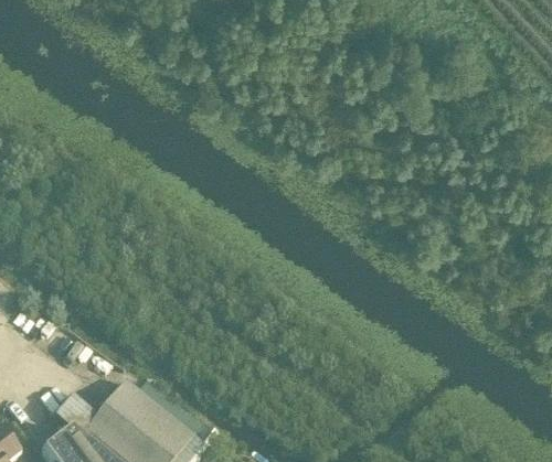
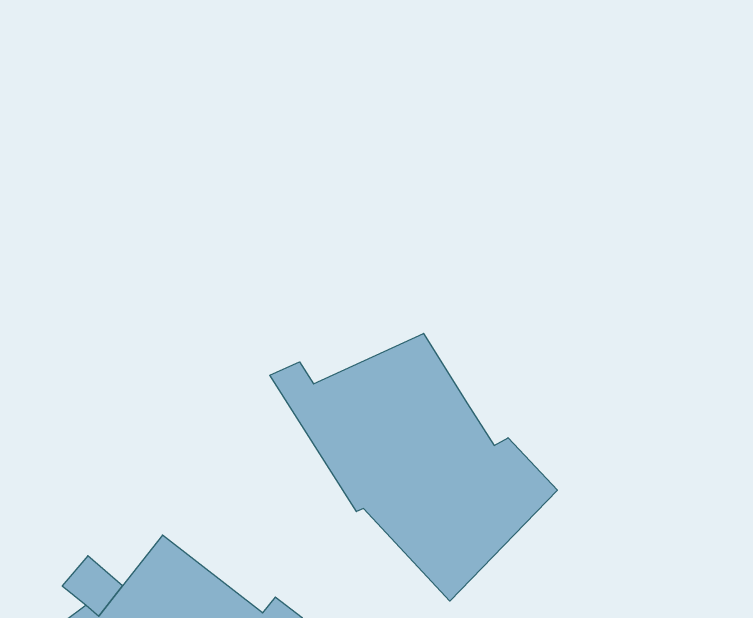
building: none -> [270,333,557,601]

